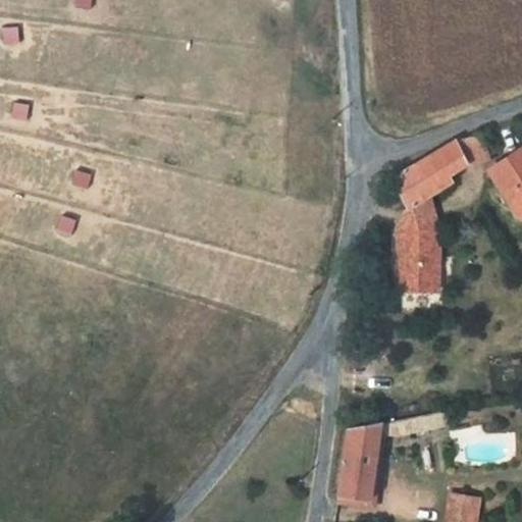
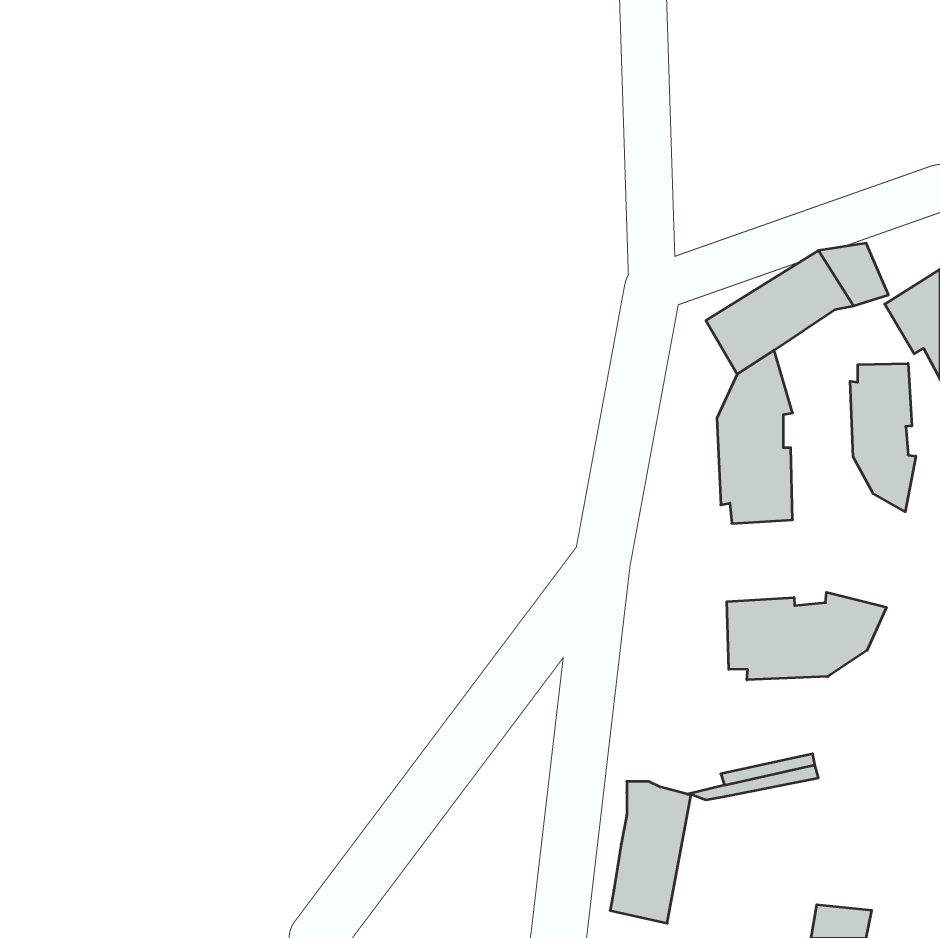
building: none -> [850,363,916,512]
building: none -> [727,592,886,680]

